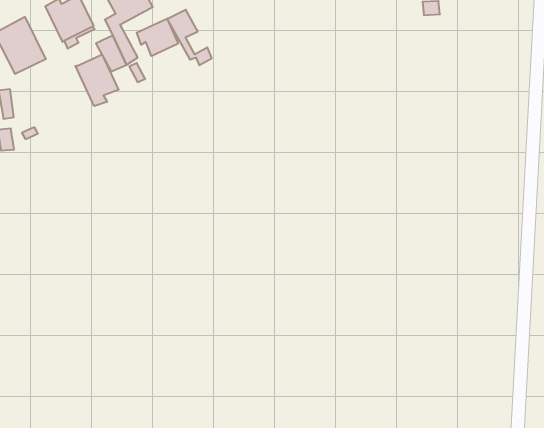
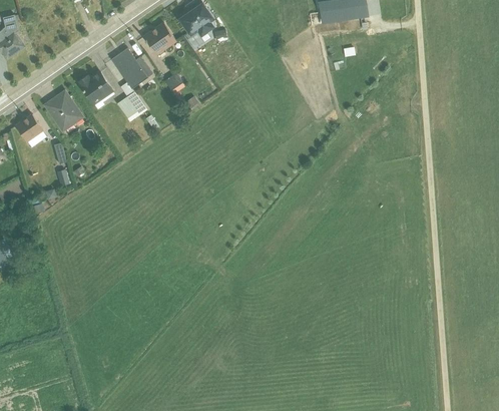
building: [137,18,178,56] -> none
building: [75,55,119,106] -> none

